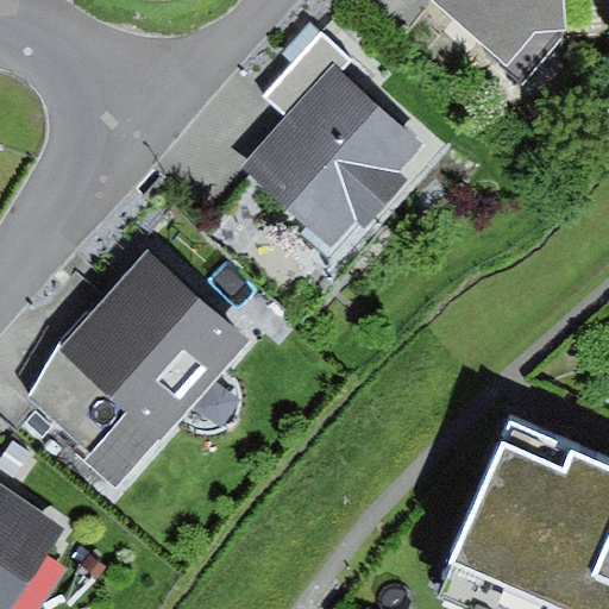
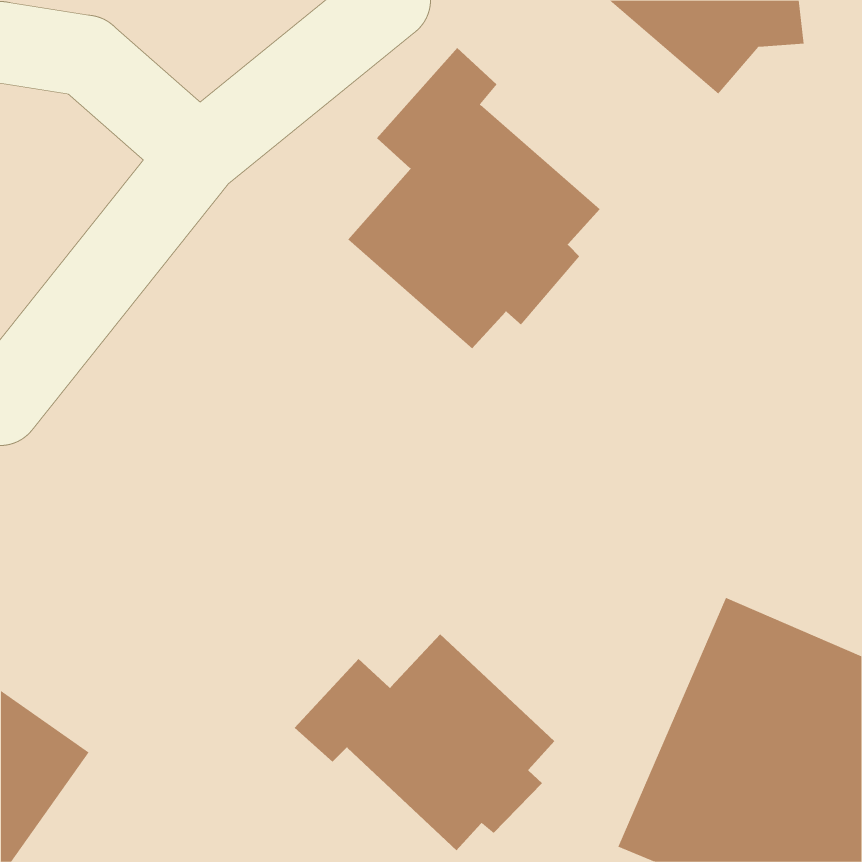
building: [30,252,250,488] -> none
building: none -> [294,634,555,851]

